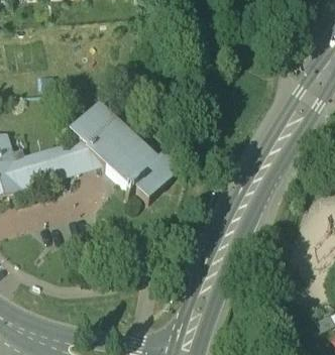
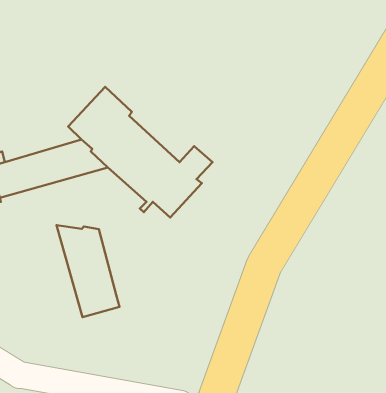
building: none -> [57,225,120,317]

